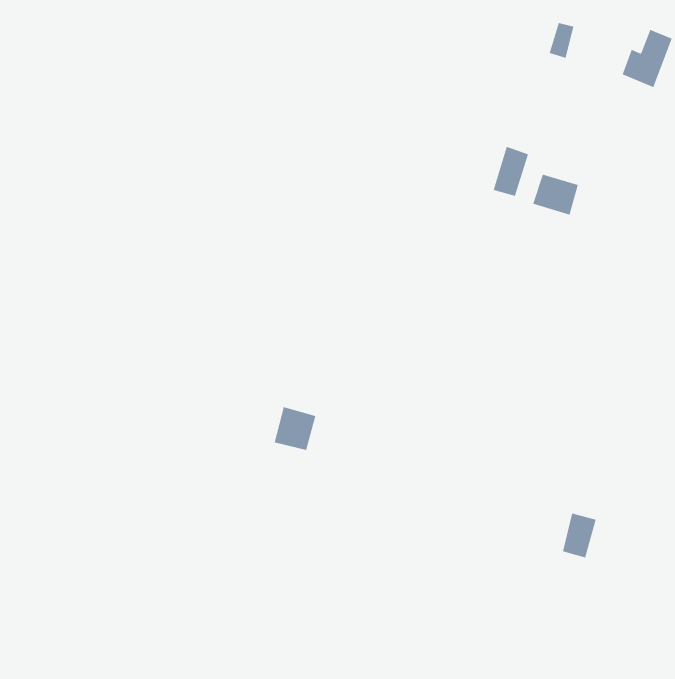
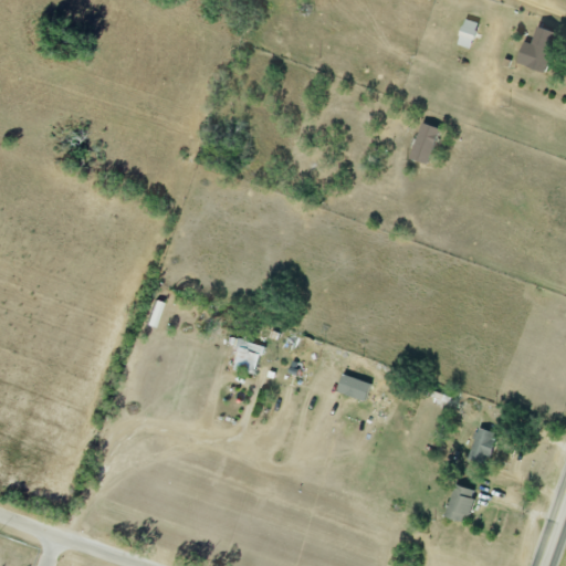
building: [533,174,578,216] -> none
building: none -> [337,374,371,401]
building: none -> [443,483,475,523]

